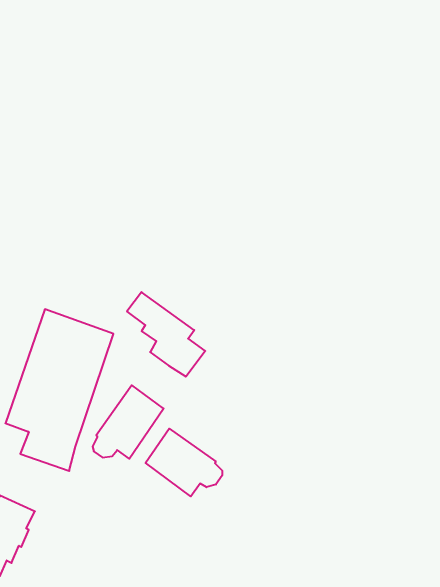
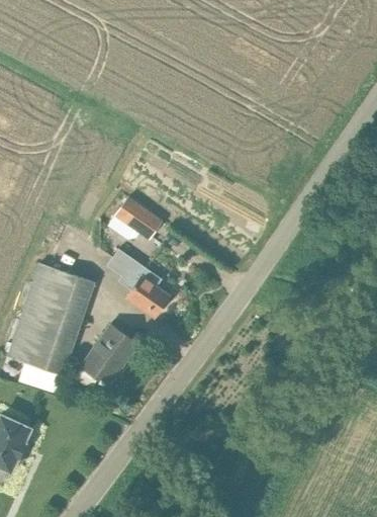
building: none -> [108,196,163,241]
building: [146,429,222,496] -> none

